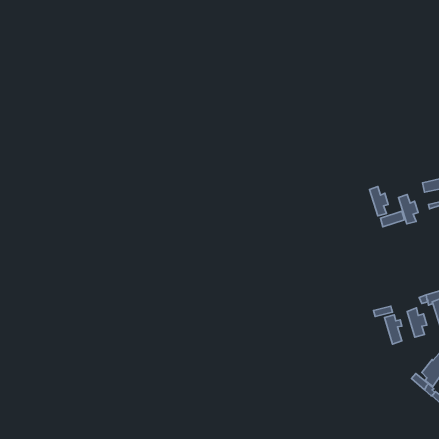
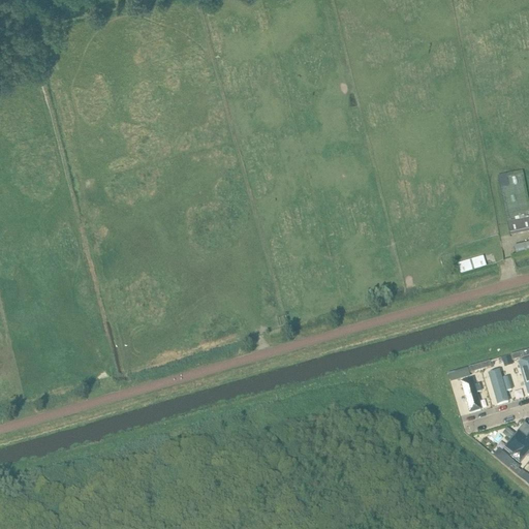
building: [369,187,388,216] -> none
building: [398,195,418,224] -> none

